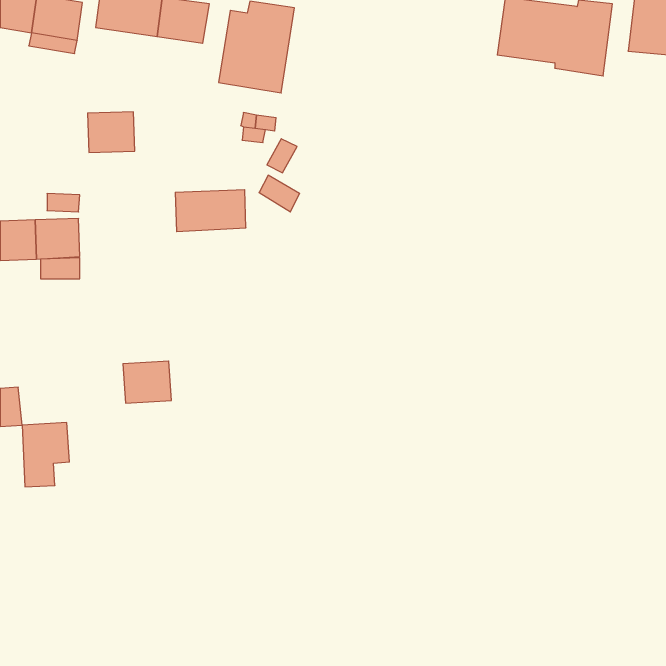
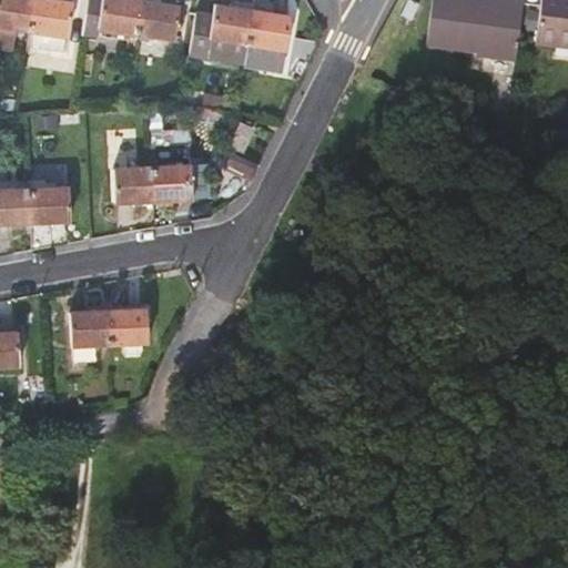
building: none -> [241,7,291,85]
building: [88,112,135,152] -> [112,163,152,197]
building: [22,423,69,487] -> [69,308,109,363]

